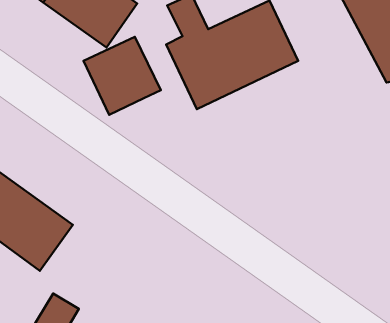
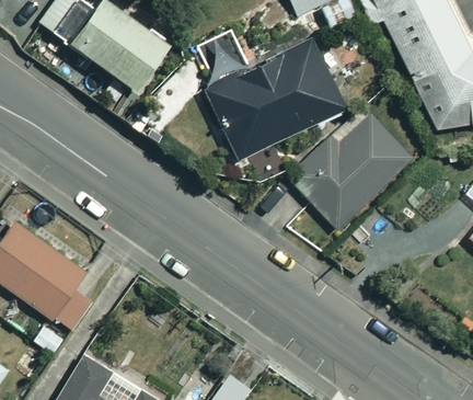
building: [83,37,161,115] -> none
building: none -> [288,114,413,228]

